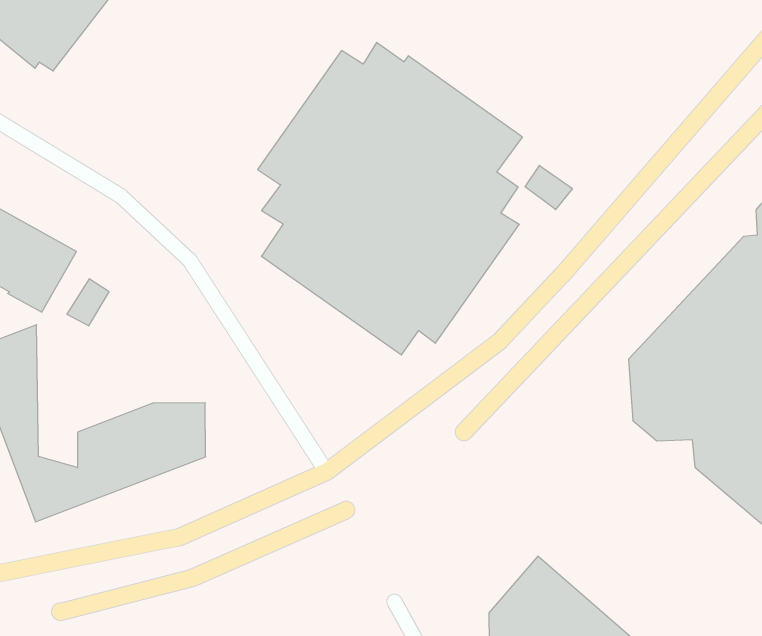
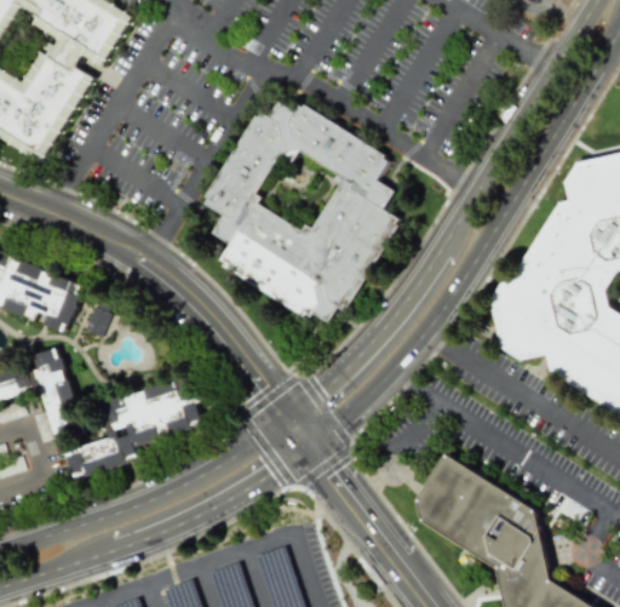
building: [525,165,572,210] -> none

